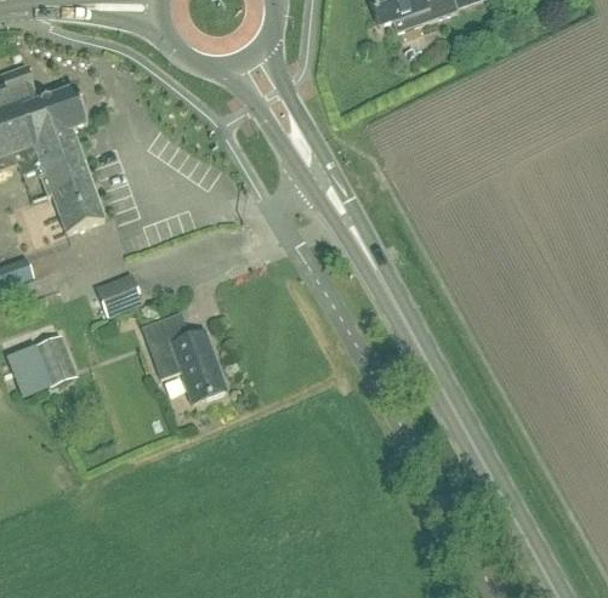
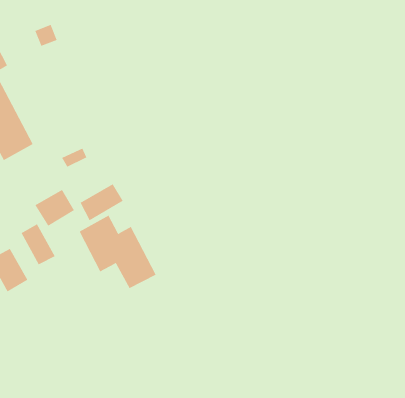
building: none -> [80,184,123,221]
building: none -> [21,223,55,265]

